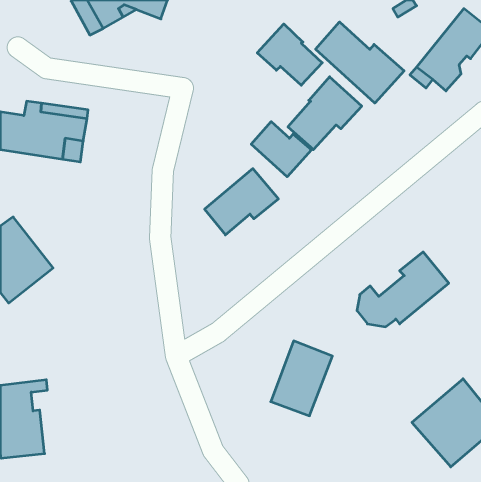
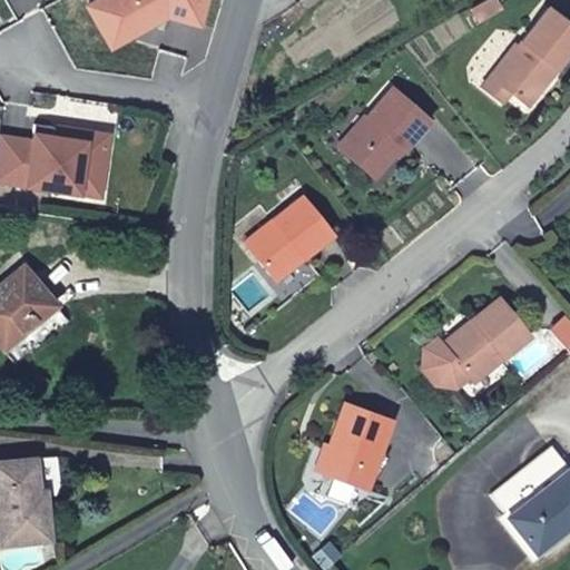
building: [316,22,404,103] -> none
building: [257,24,322,85] -> none
building: [251,122,311,177] -> none

